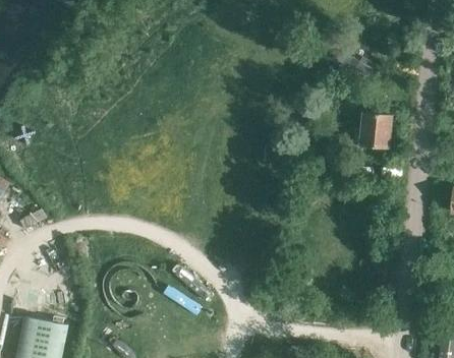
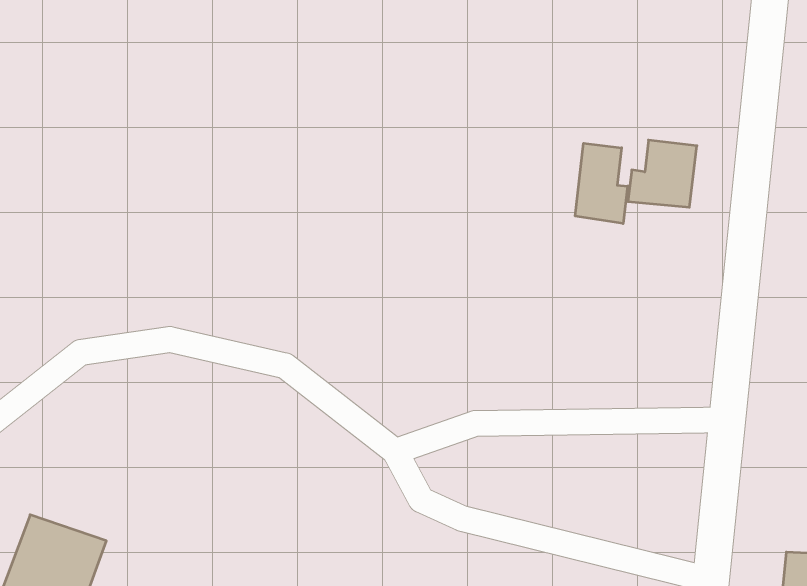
building: none -> [575,143,628,224]

